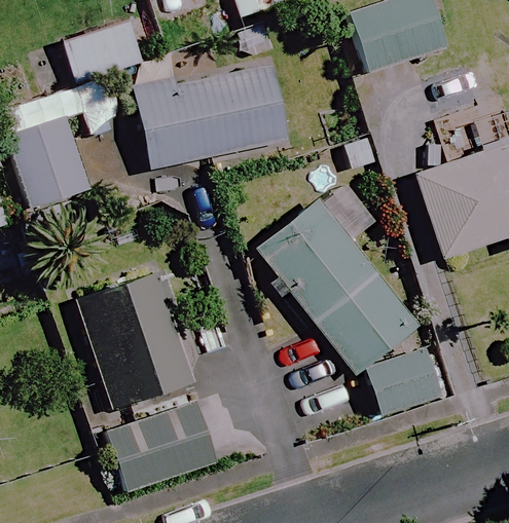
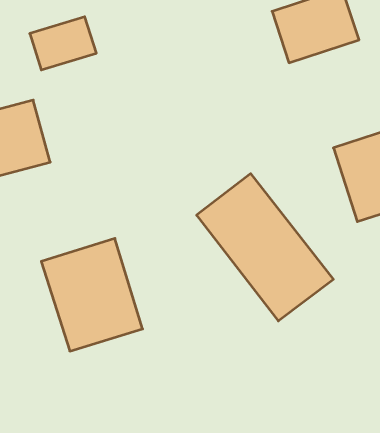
building: [136,60,289,167] -> none
building: [364,347,443,415] -> none
building: [105,396,220,490] -> none

